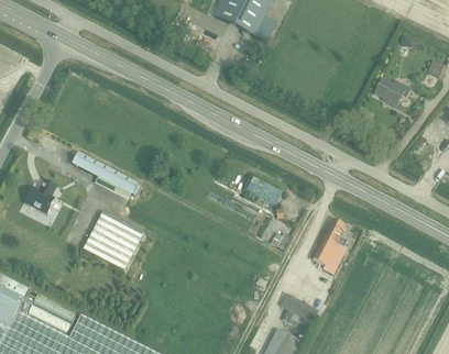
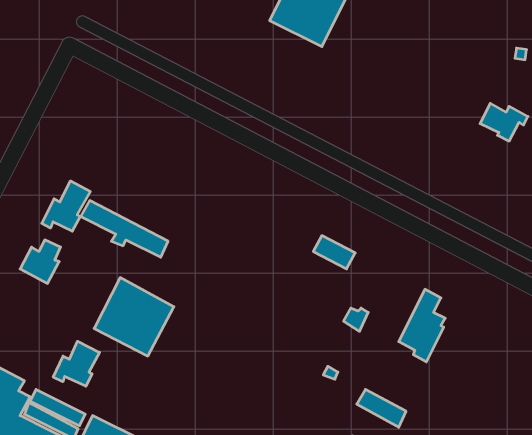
building: none -> [42,181,90,231]
building: none -> [53,341,100,386]

